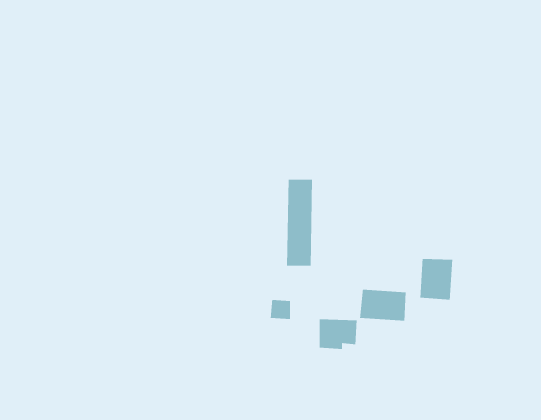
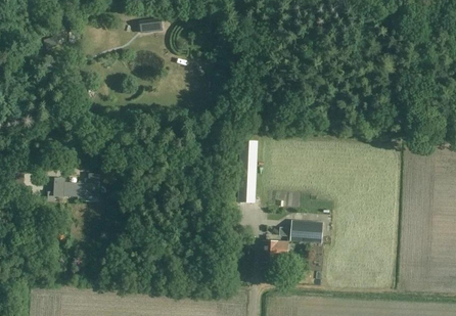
building: none -> [48,174,99,199]
building: [419,258,453,301] -> none

